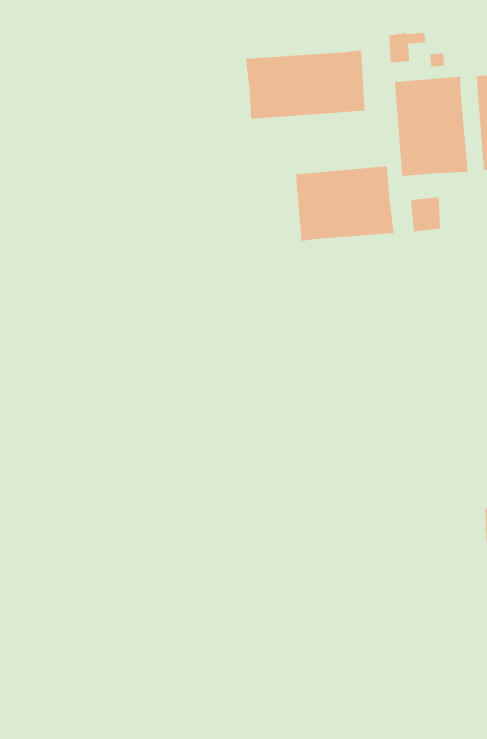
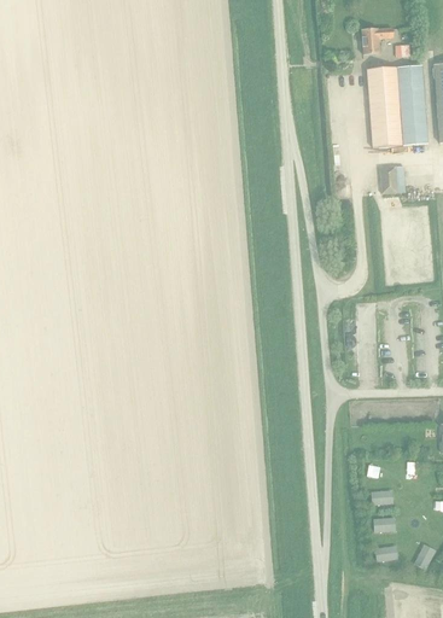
building: [245,49,365,120] -> none
building: [296,166,394,242] -> none

